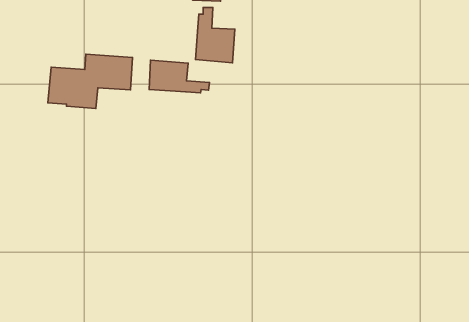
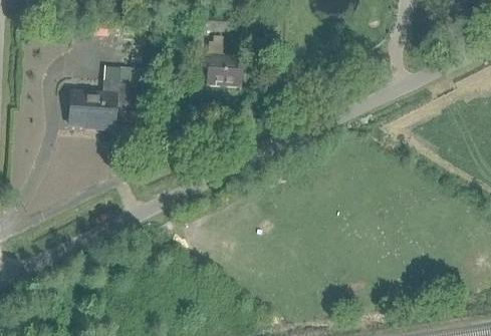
building: [149,60,210,93] -> none

